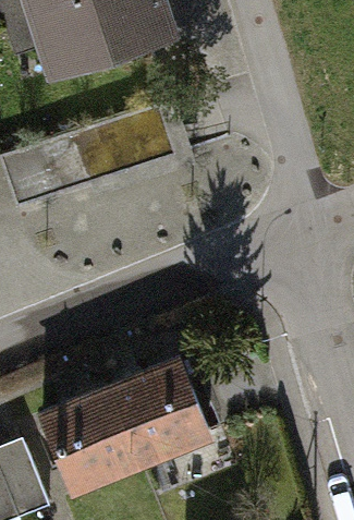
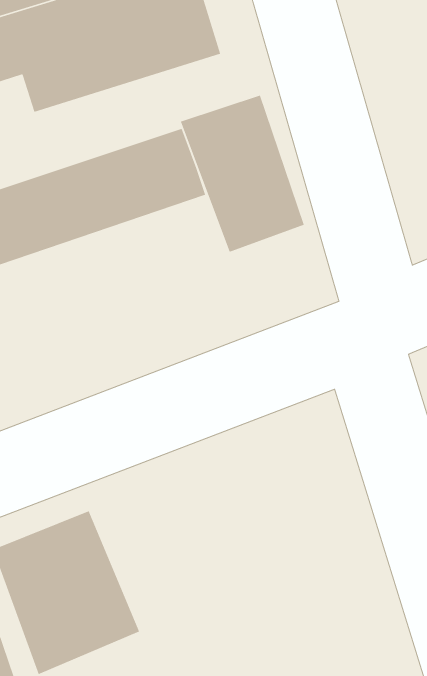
building: none -> [180,95,305,253]
building: [102,342,217,463] -> none

